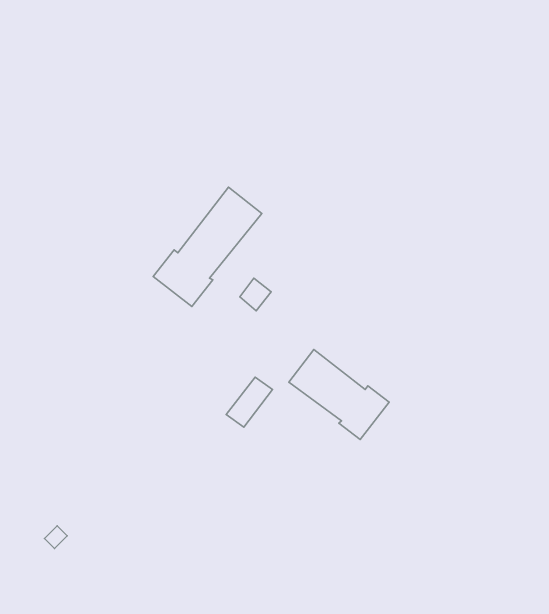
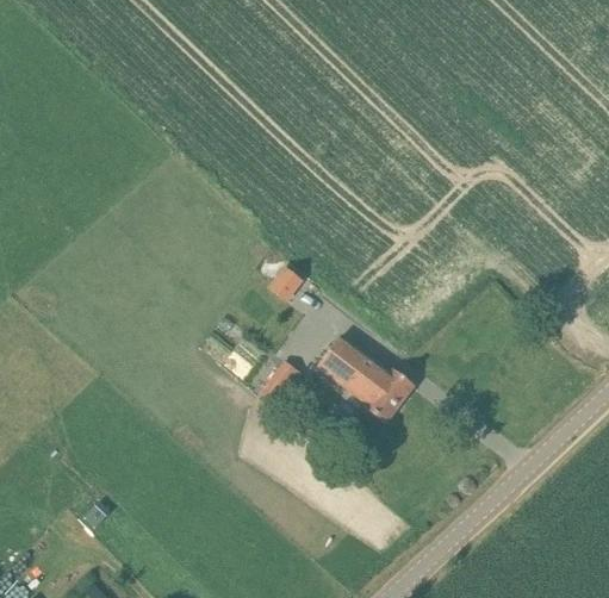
building: [153,187,262,307] -> none

